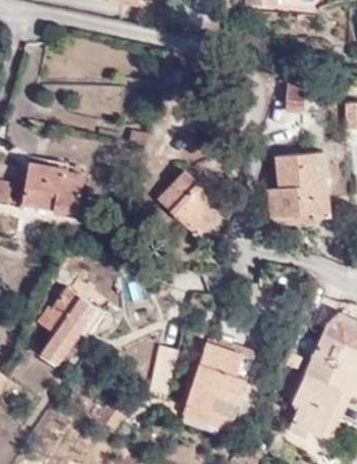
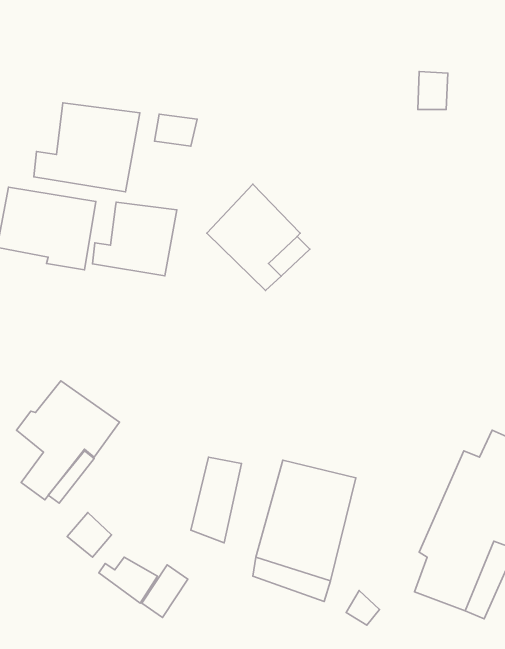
building: none -> [34,103,140,192]
building: [267,160,325,227] -> none
building: none -> [93,202,177,276]

